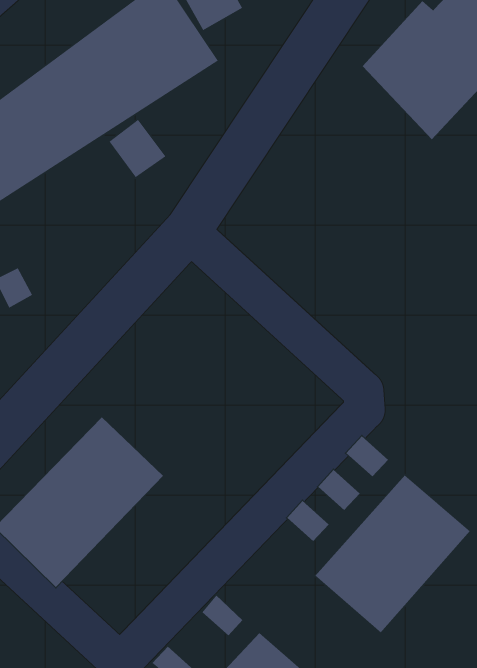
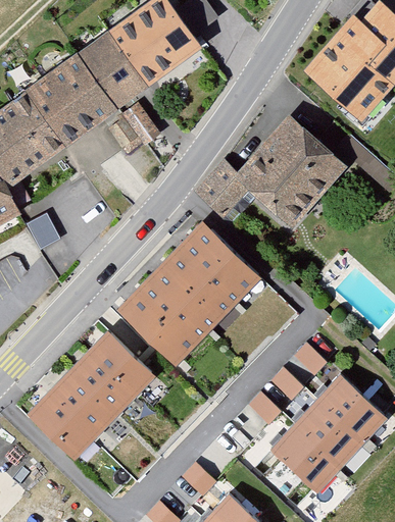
building: none -> [194,119,344,228]
building: none -> [117,219,260,363]

